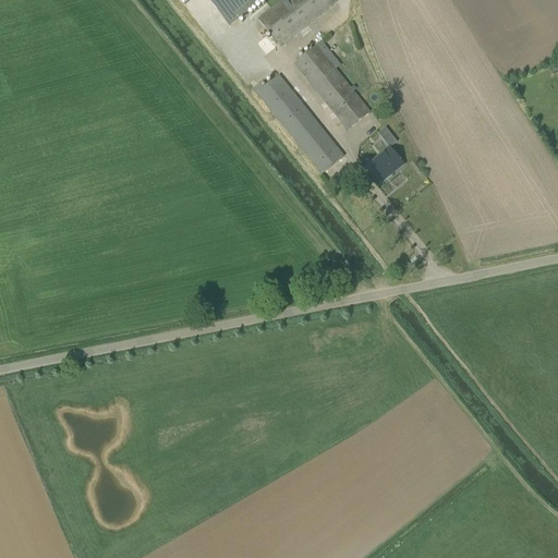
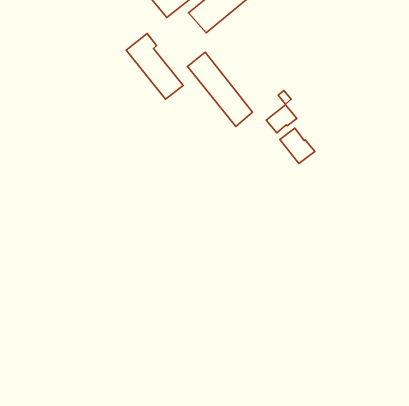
building: [292,37,369,126] -> [126,33,183,99]
building: none -> [280,128,315,163]

